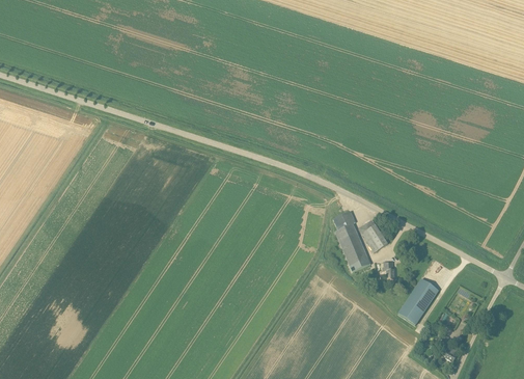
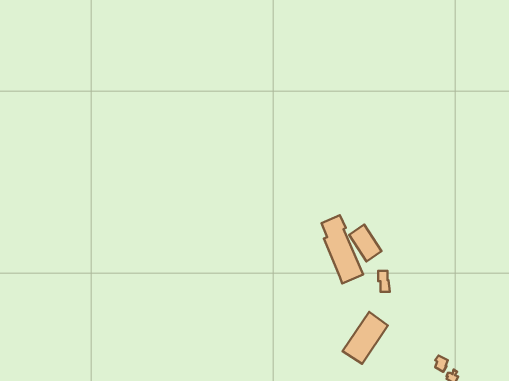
building: [397,277,438,324] -> [343,312,388,364]

